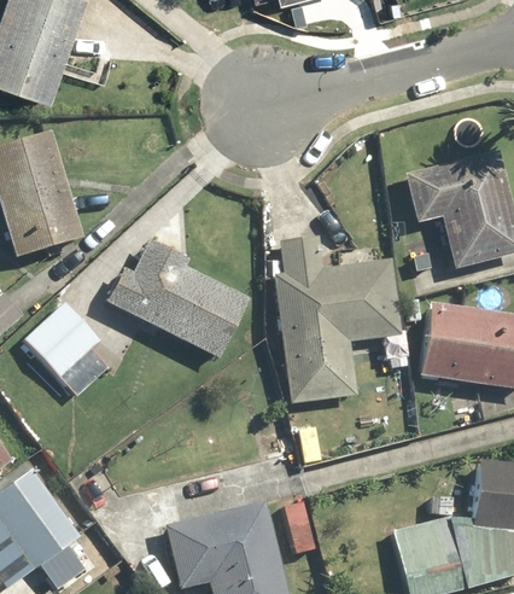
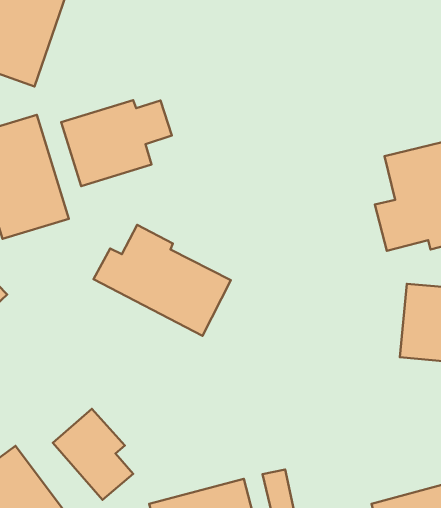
building: none -> [61,100,172,186]
building: [276,238,401,401] -> none
building: [27,304,109,397] -> [53,409,133,500]

